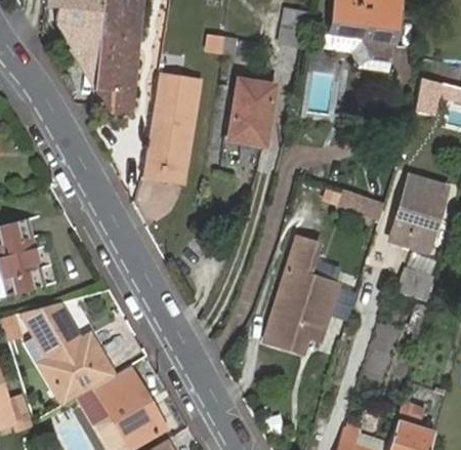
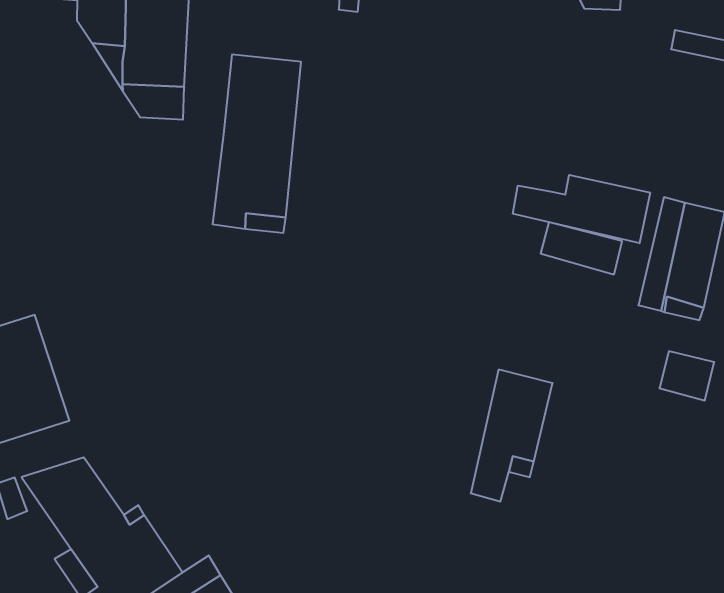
building: [232,77,277,142] -> none
building: none -> [513,175,650,243]
building: [264,236,317,344] -> none

